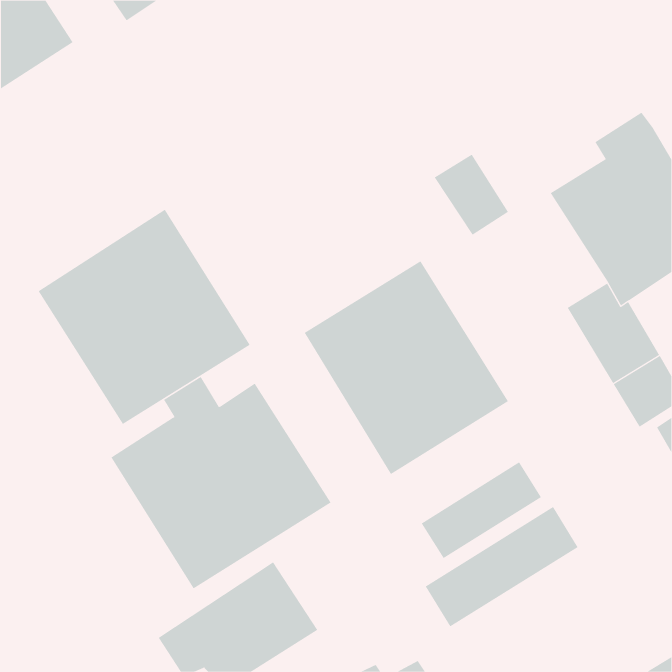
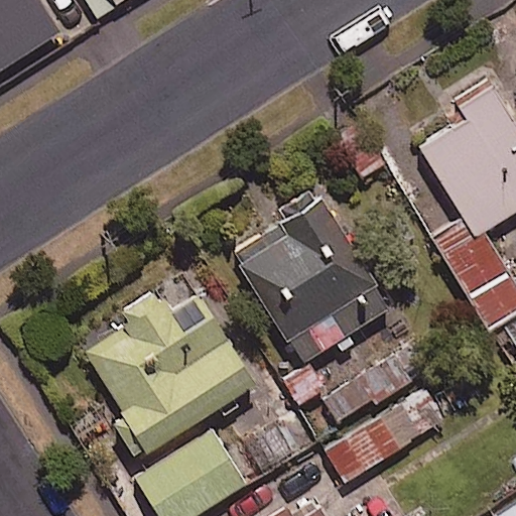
building: [38,209,251,425] -> none

